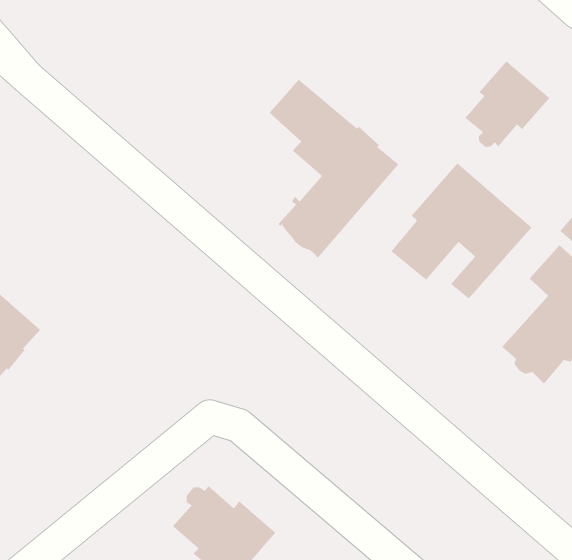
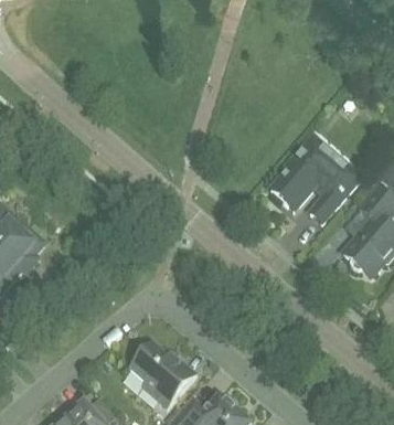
building: [464,60,550,148] -> none
building: [269,79,399,259] -> none

